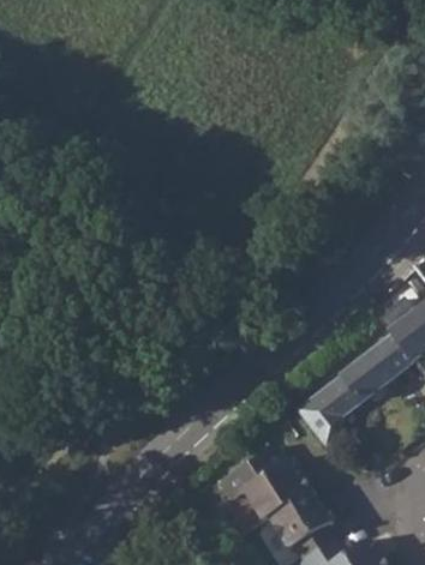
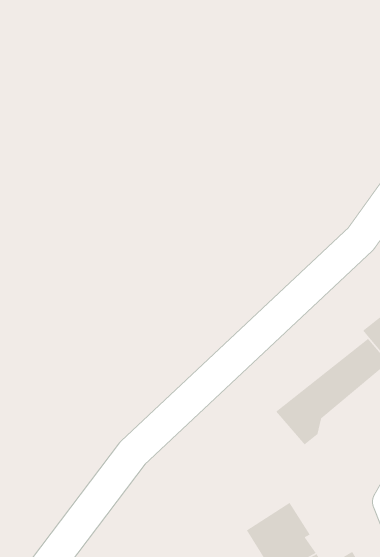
building: [220,452,311,528] -> none

